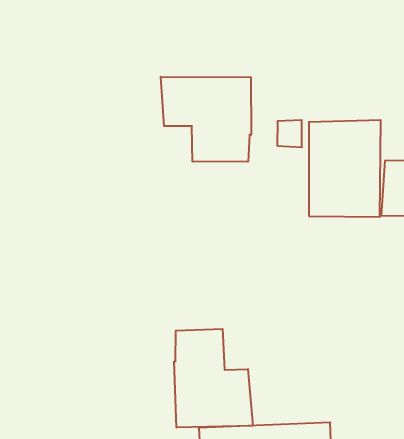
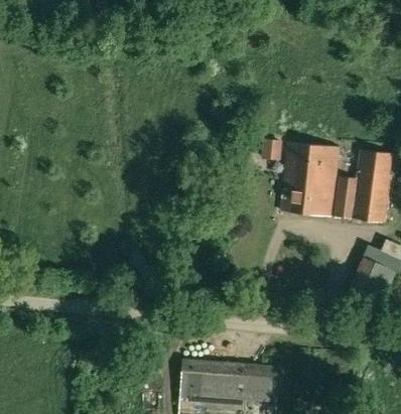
building: [161,77,251,162] -> none
building: [174,329,253,428] -> none

